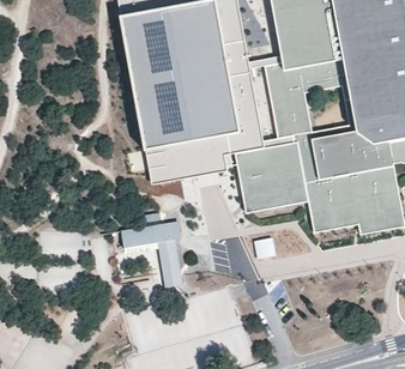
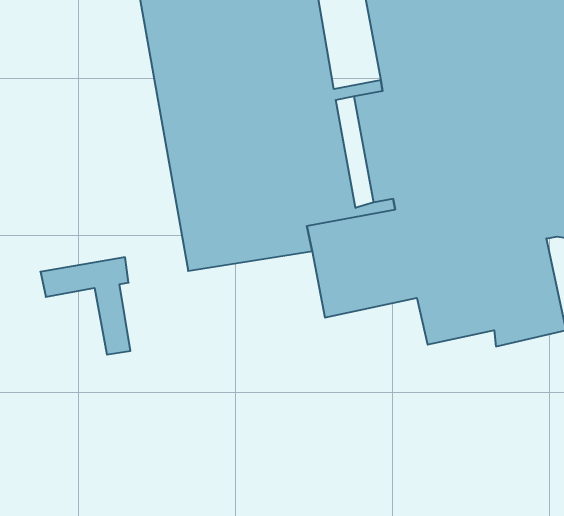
building: [123,222,183,286] -> [40,257,130,355]

